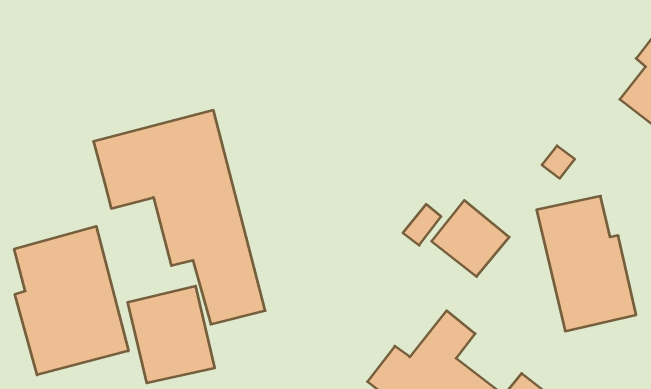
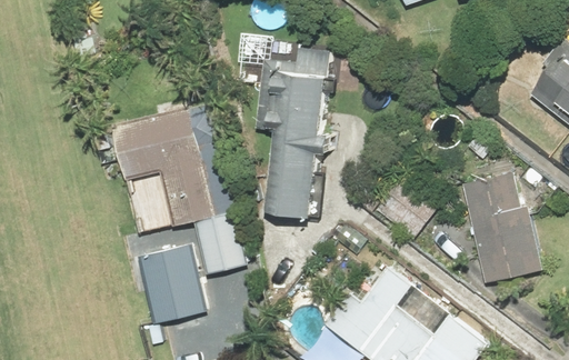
building: none -> [257,47,336,214]
building: [14,226,128,375] -> none

